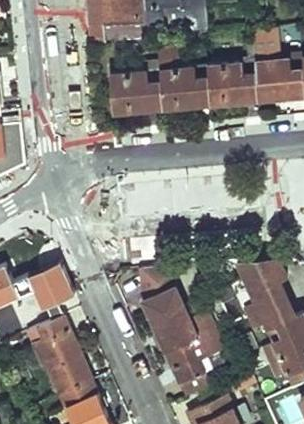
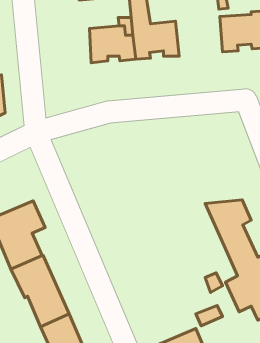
building: [206,61,257,104] -> none
building: [140,268,223,395] -> none

